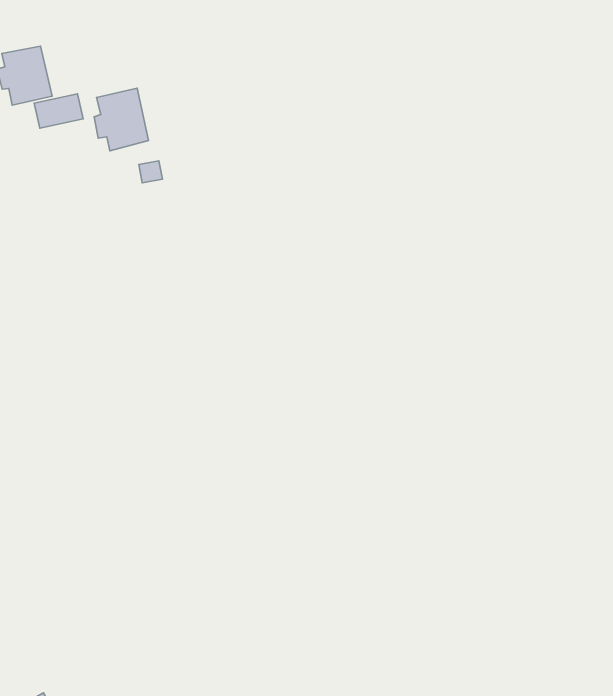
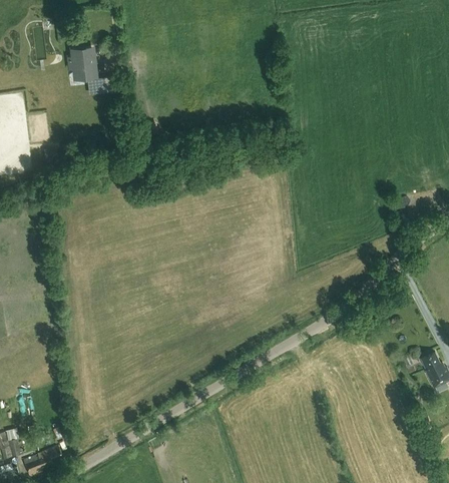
building: [94,88,148,151] -> none

